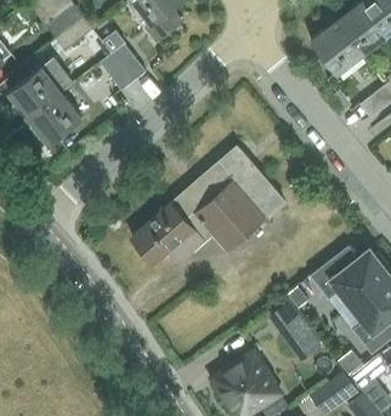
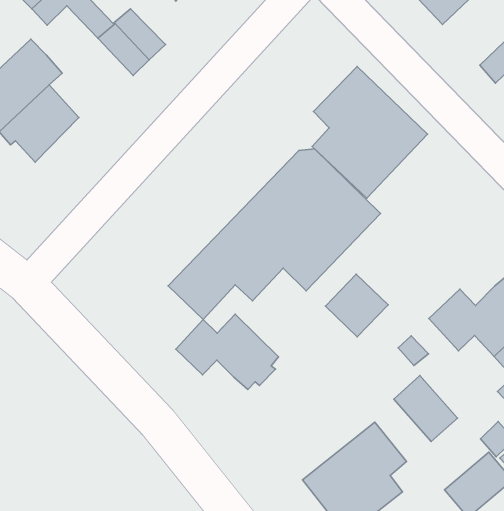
building: none -> [312,66,428,198]
building: none -> [325,274,388,337]
building: none -> [176,314,279,389]

